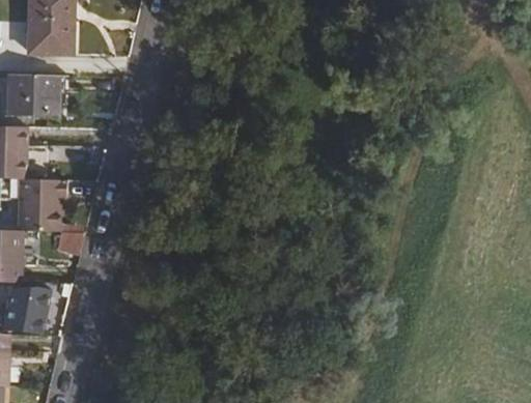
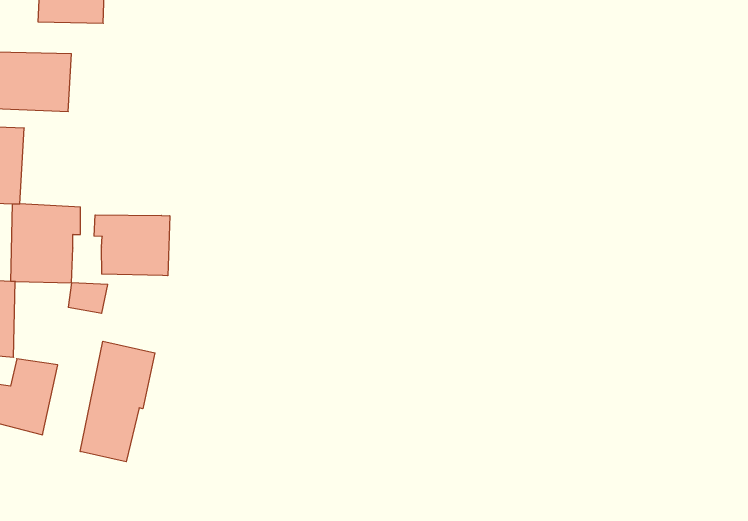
building: none -> [94,215,170,276]
building: none -> [80,341,155,462]

